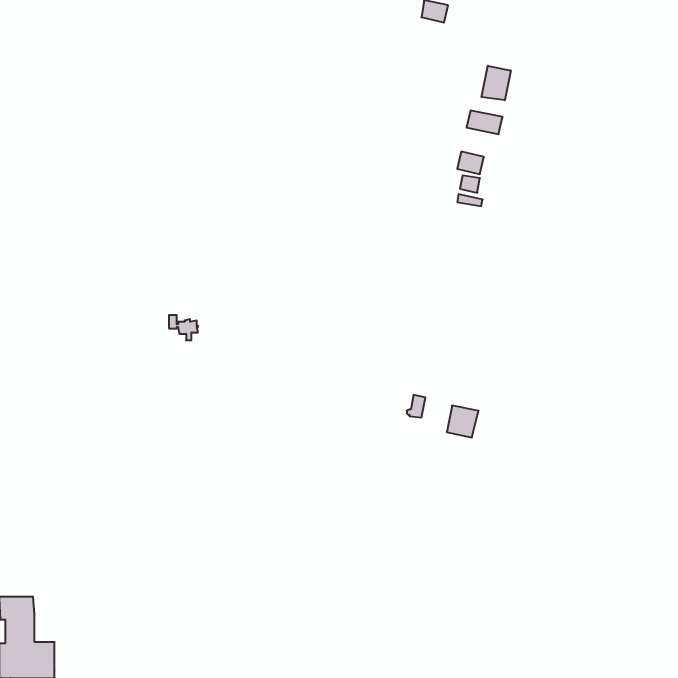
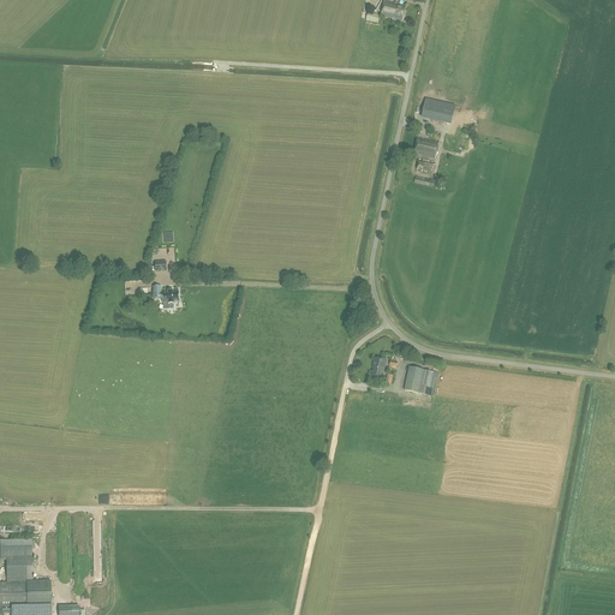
building: [481,66,511,100] -> none

